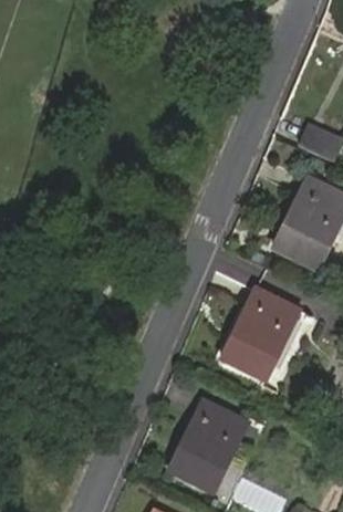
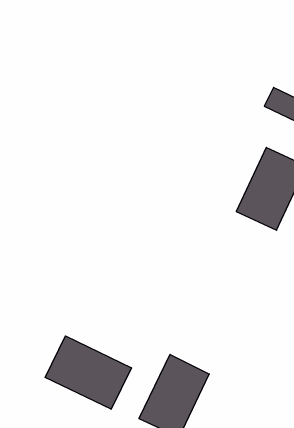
building: [225,293,298,379] -> none
building: none -> [45,336,131,409]

